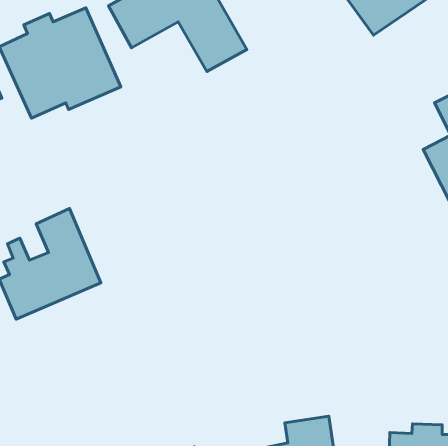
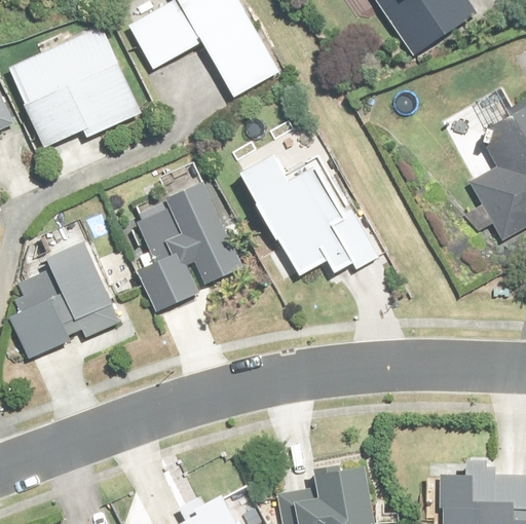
building: none -> [236,125,380,274]
building: none -> [119,173,231,320]

